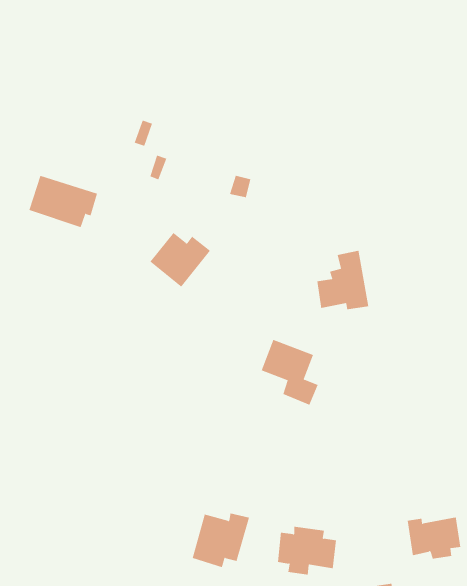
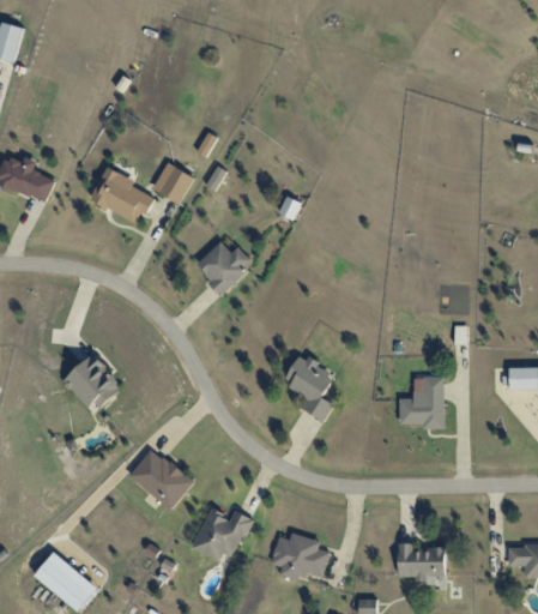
building: none -> [152,162,194,204]
building: [316,250,369,310] -> [399,375,445,429]
building: none -> [62,355,122,408]
building: none -> [128,447,193,511]

